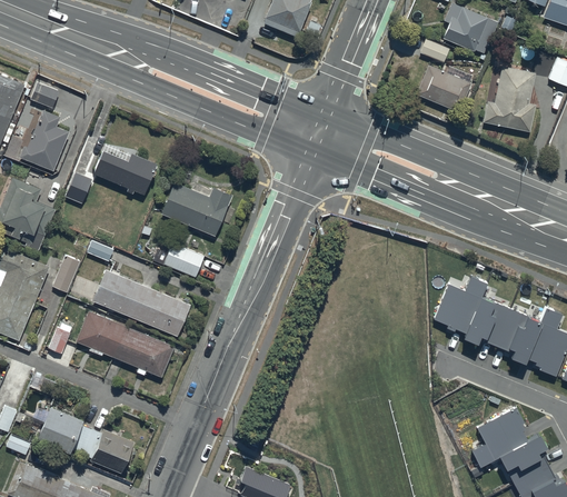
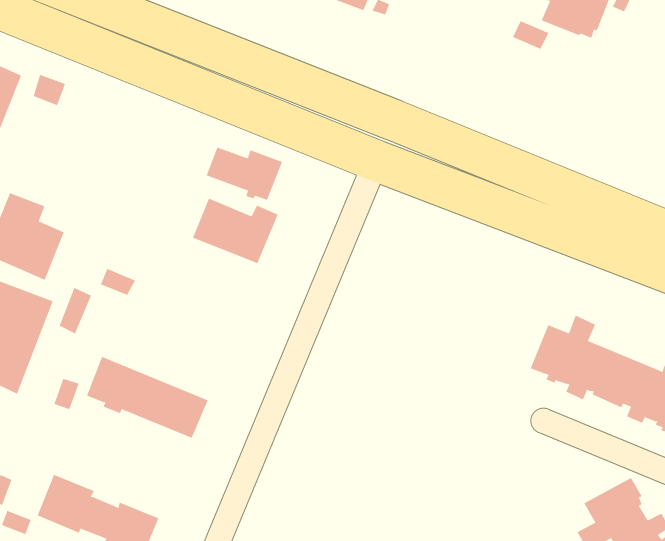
building: [416,66,471,112] -> none
building: [484,67,535,132] -> none
building: [19,110,68,170] -> none
building: [93,151,156,195] -> [206,147,283,200]
building: [64,172,91,205] -> none
building: [162,242,203,277] -> none
building: [91,269,190,337] -> none

